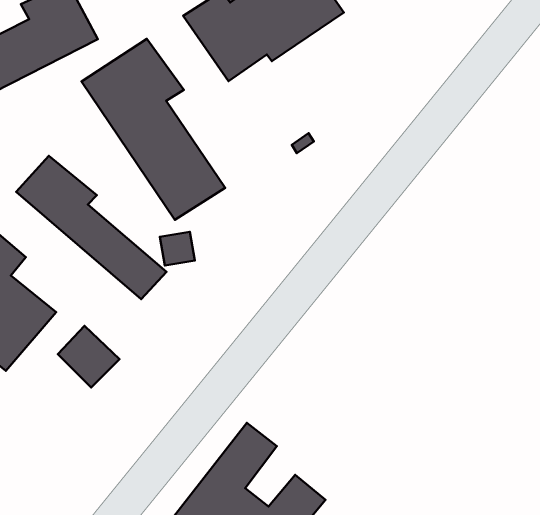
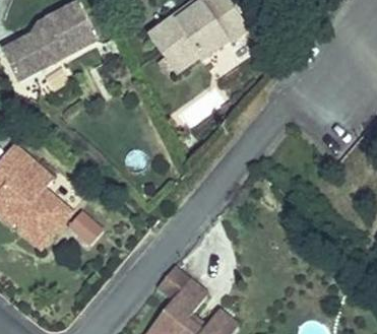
building: [82,39,225,220] -> none
building: [16,156,167,299] -> none

